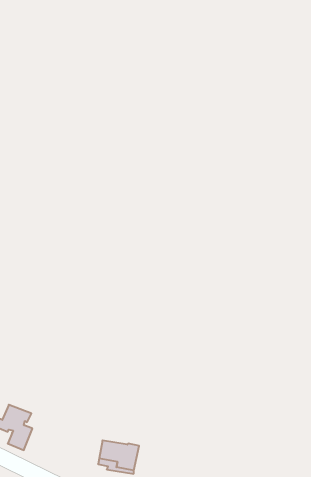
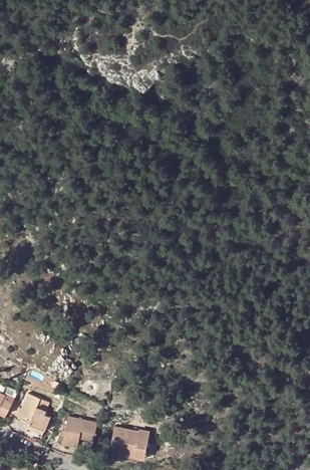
building: none -> [60,418,95,450]

